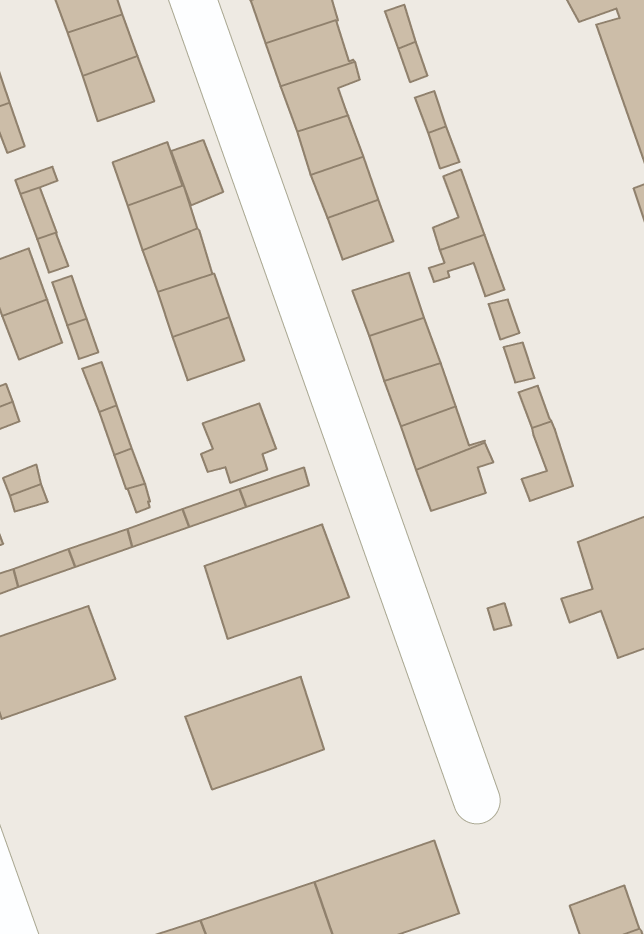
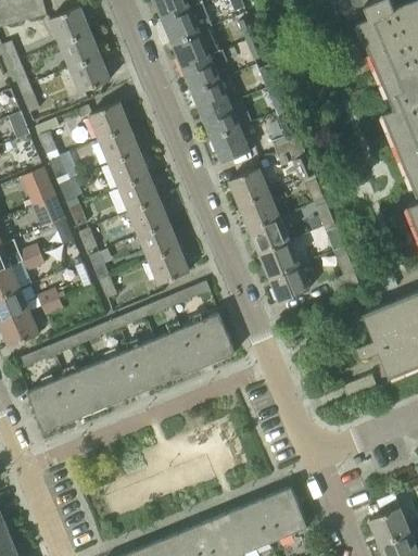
building: [171,140,223,206] -> none
building: none -> [138,223,179,260]
building: [185,677,324,789] -> [89,340,168,406]

